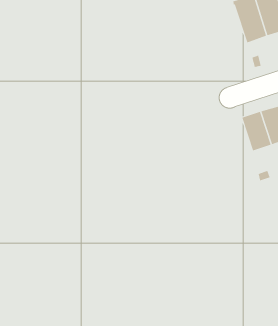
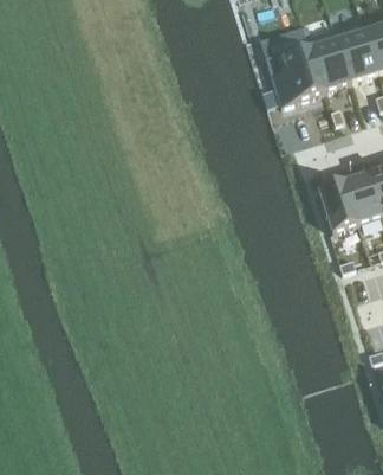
building: none -> [265,39,324,102]

